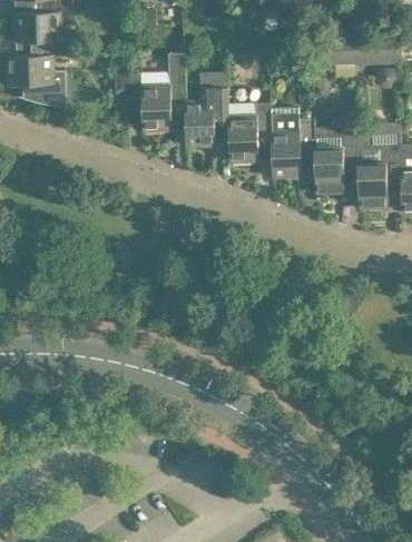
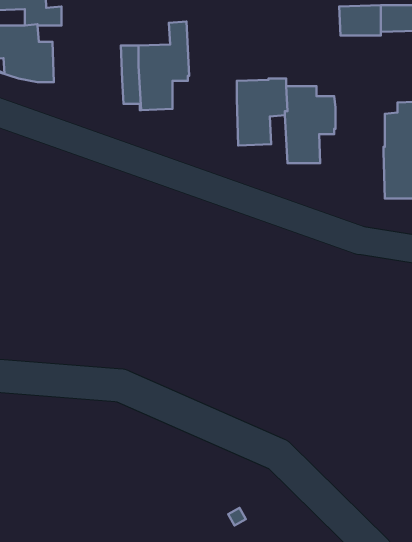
building: [184,87,227,146] -> none
building: [313,127,357,193] -> none

